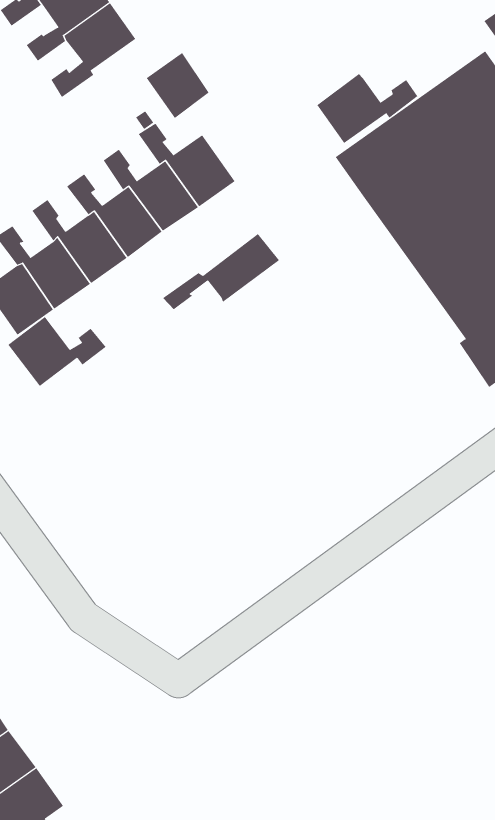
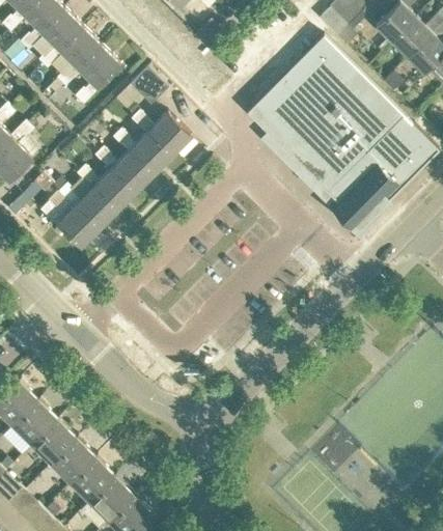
building: [317,73,418,144] -> none
building: [162,233,280,310] -> none
building: [8,316,107,387] -> none

